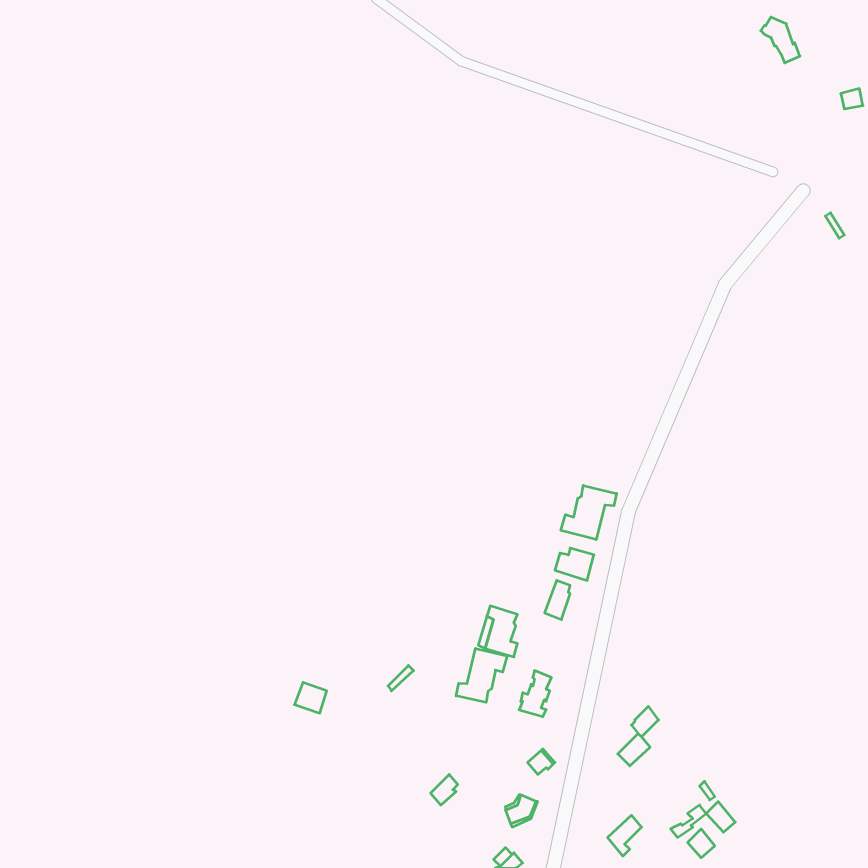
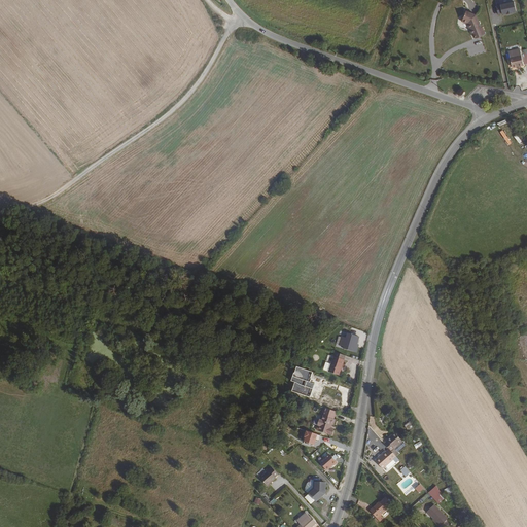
building: [561,485,617,540] -> none
building: [456,648,507,702] -> none

